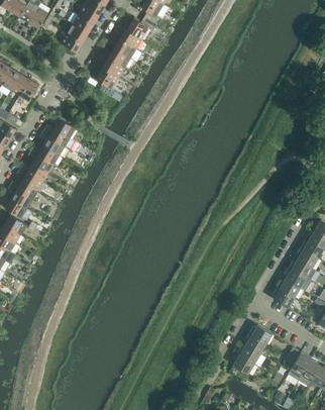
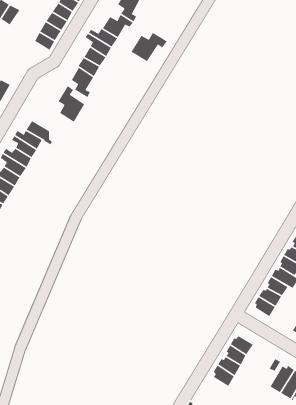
building: none -> [130,32,168,62]
building: none -> [58,85,85,123]

